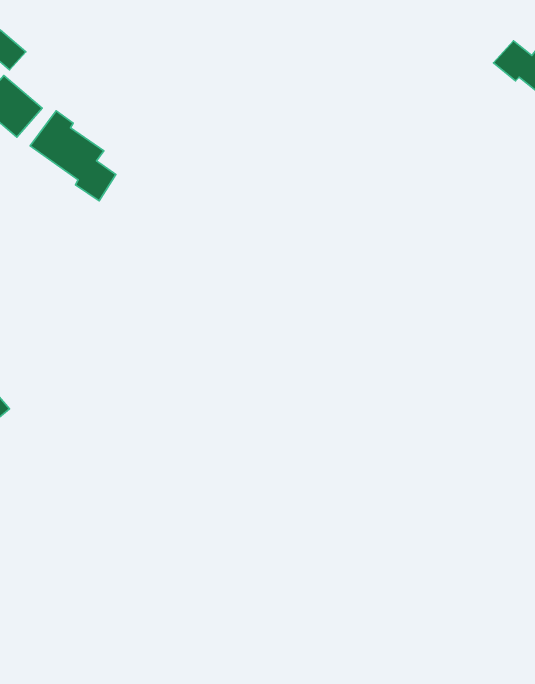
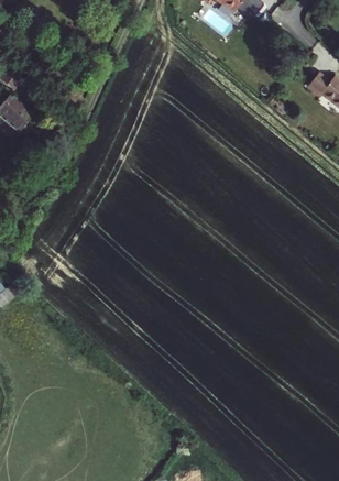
building: [30,111,116,201] -> none

